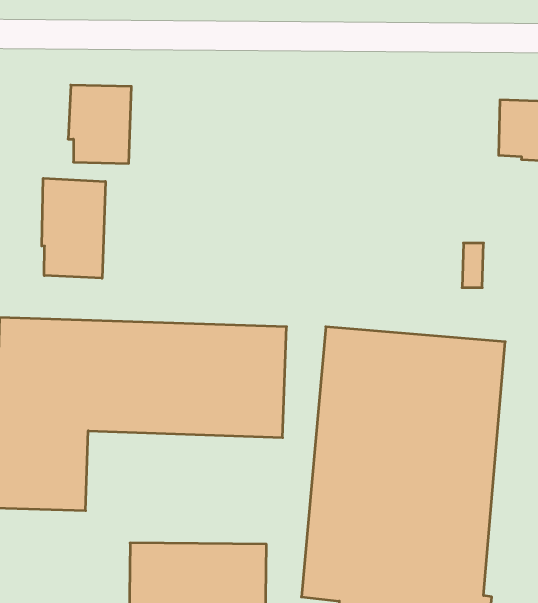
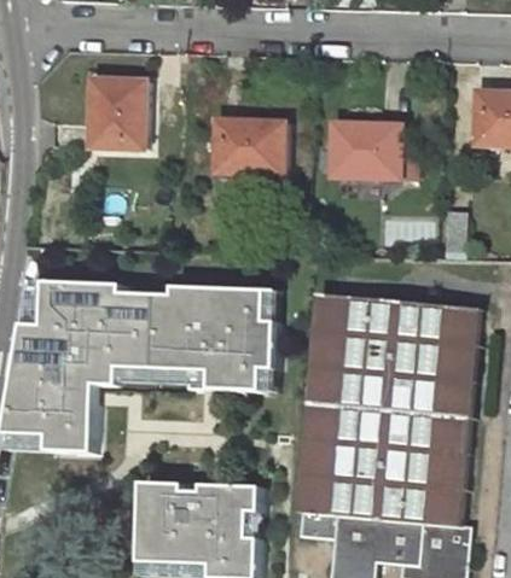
building: none -> [210,118,281,173]
building: none -> [327,121,399,175]
building: [42,178,105,278] -> none

